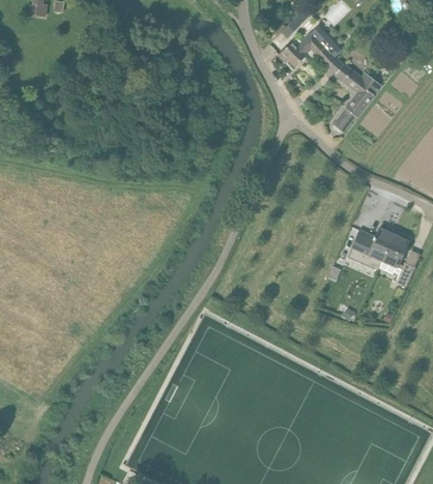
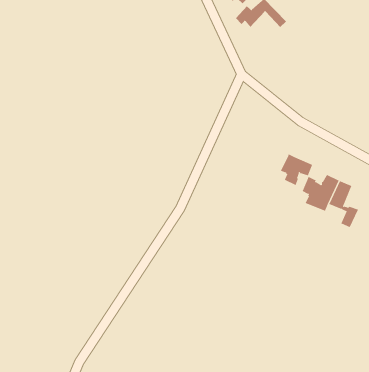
building: [333,62,381,130] -> none
building: none -> [280,154,313,186]

